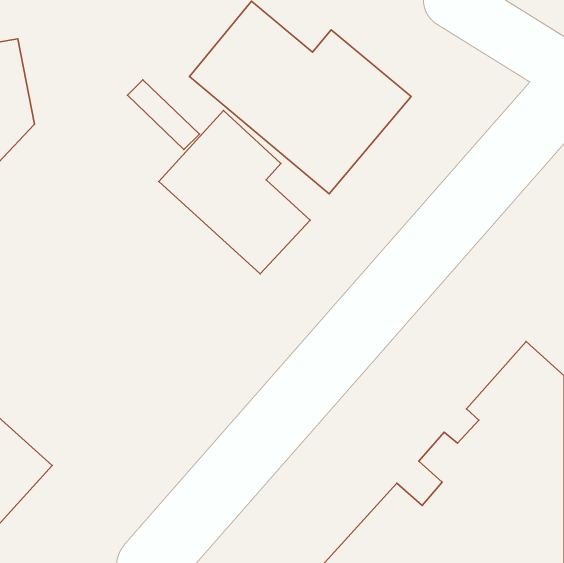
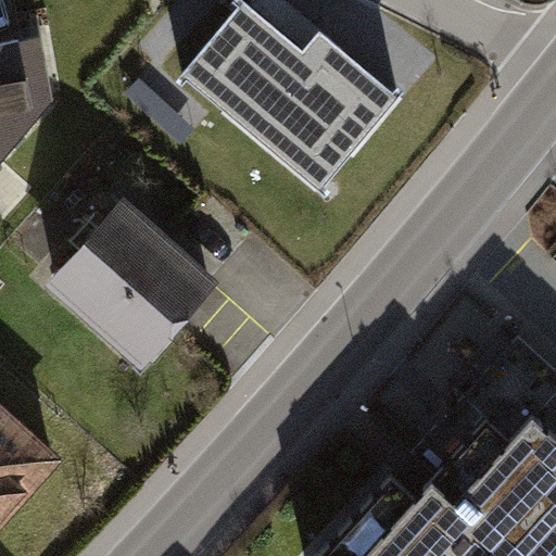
building: [159,111,310,274] -> none
building: none -> [48,200,219,370]

